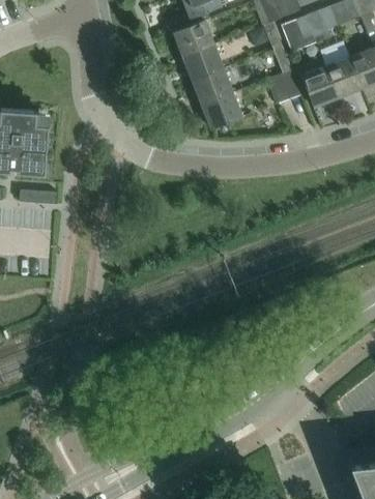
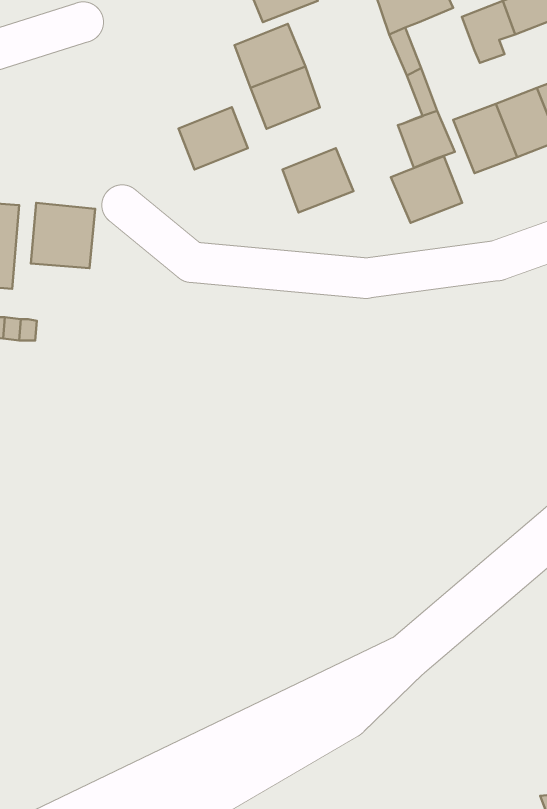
building: [282,16,316,52] -> none
building: [192,68,232,105] -> [179,107,248,170]
building: none -> [391,156,462,223]
building: none -> [31,203,95,268]

